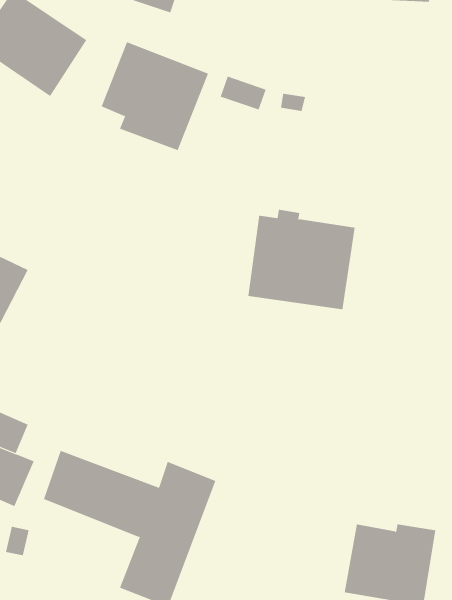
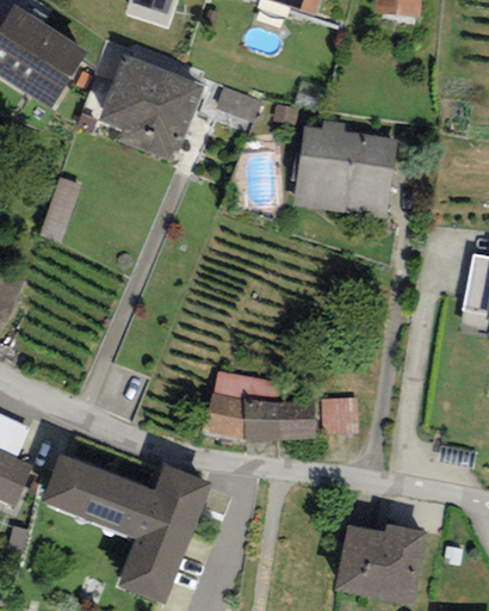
building: none -> [37,175,82,242]
building: [247,209,356,310] -> [292,121,397,218]
building: none -> [202,371,314,442]
building: none -> [321,399,357,436]

